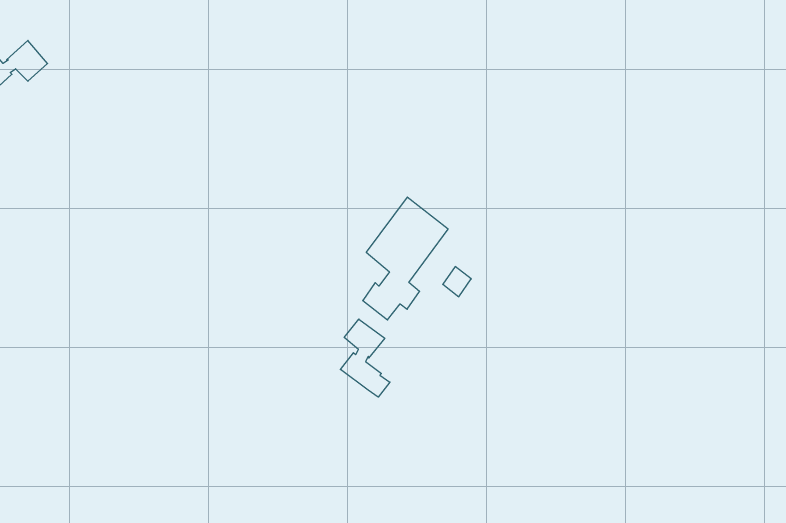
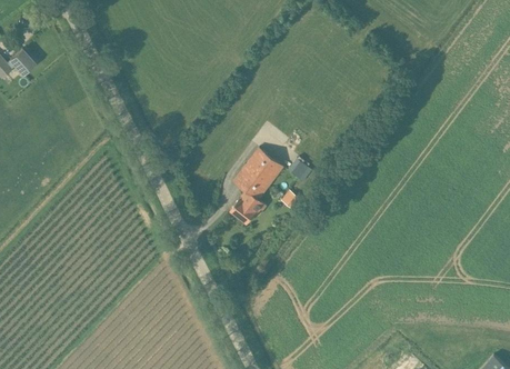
building: [340,319,390,397] -> none

